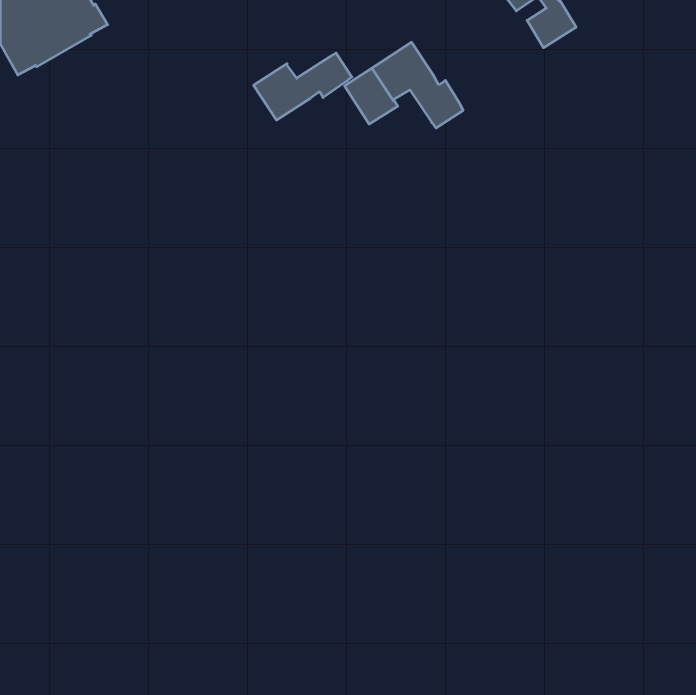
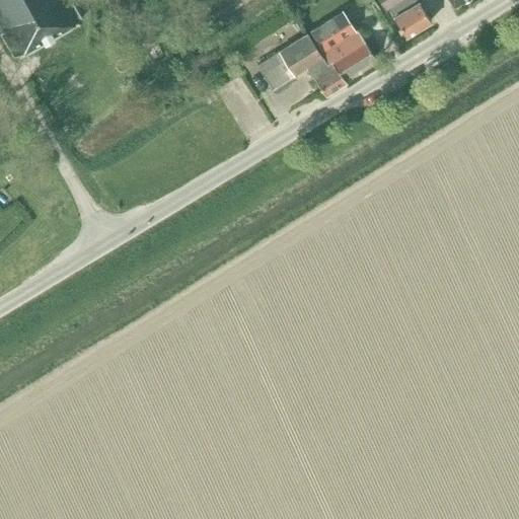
building: none -> [309,11,374,78]
building: [254,53,352,120] -> none

